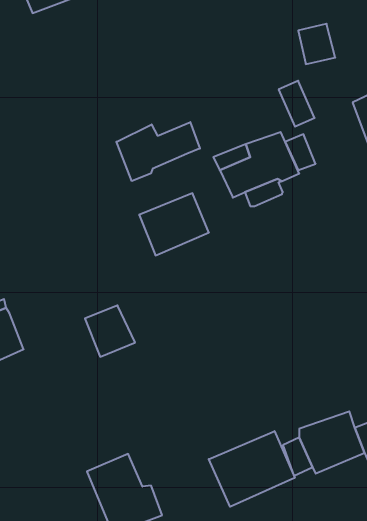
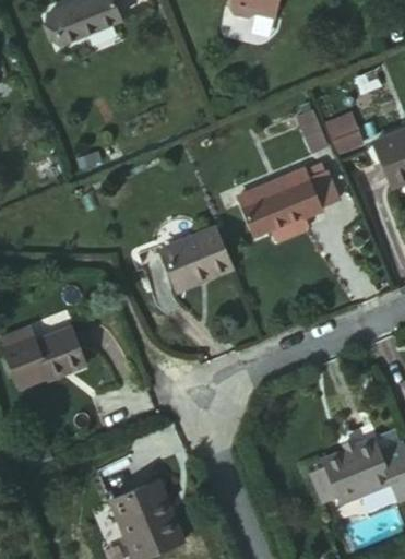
building: [298,24,335,64] -> [332,115,369,155]
building: [116,122,200,181] -> none
building: [85,305,135,357] -> [32,330,82,381]
building: [209,431,295,507] -> none

